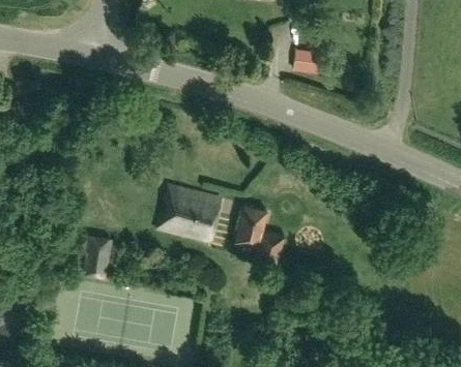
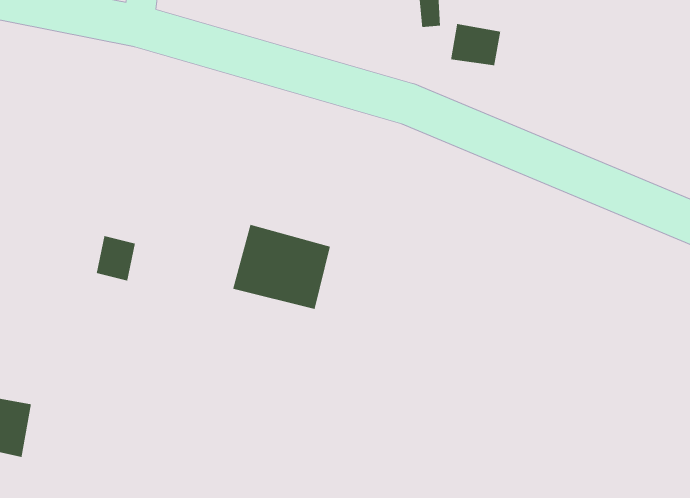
building: [235,205,284,261] -> none
building: [82,246,108,276] -> [96,235,136,281]

